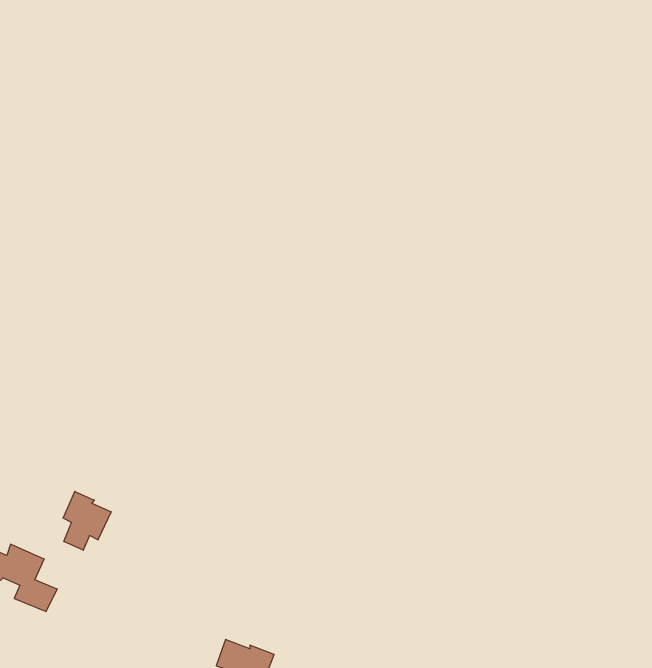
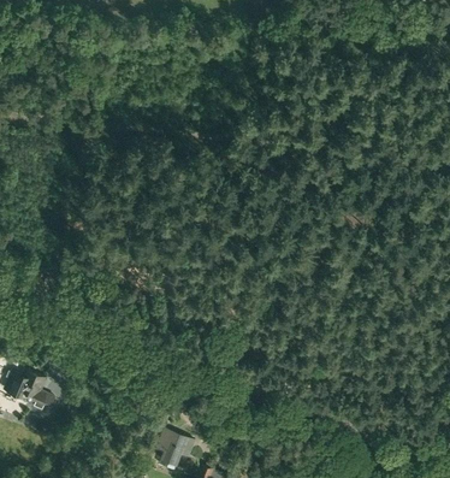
building: [63,491,111,550] -> none

